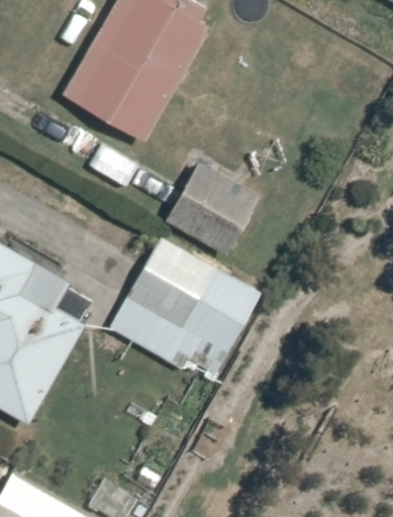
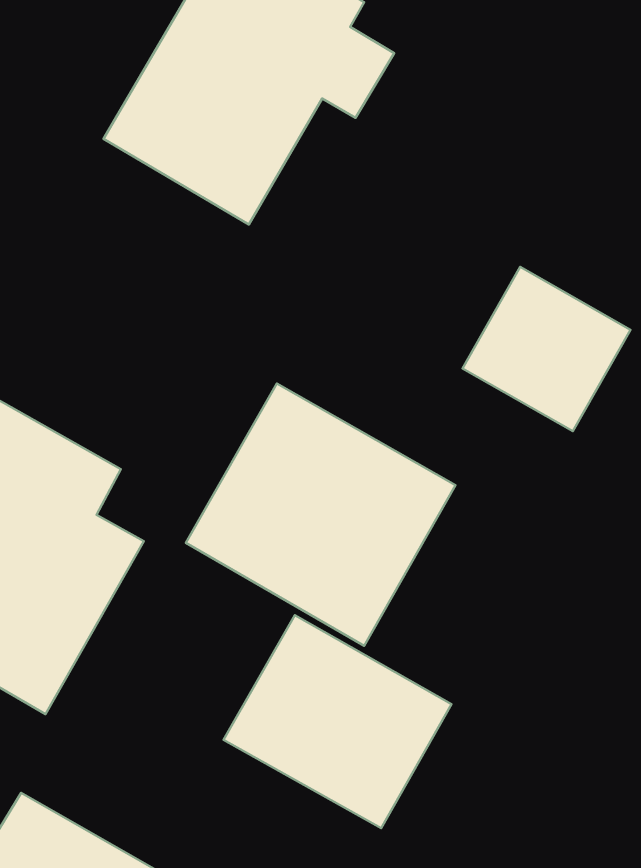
building: [164,161,261,255] -> [462,267,631,431]
building: none -> [223,615,451,828]

